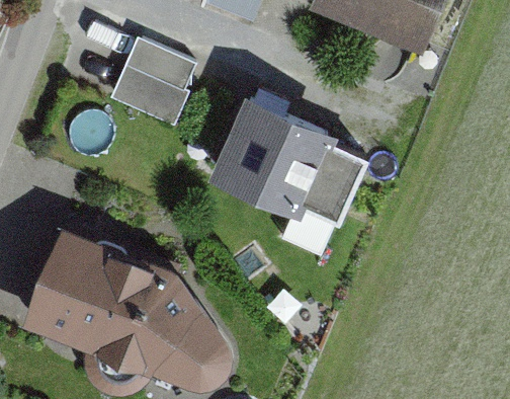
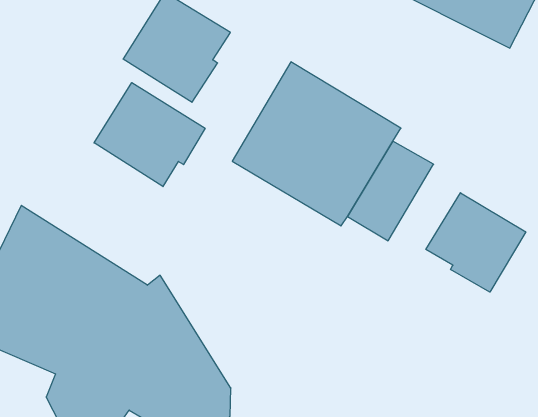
building: none -> [94,83,205,187]
building: none -> [426,193,526,292]

